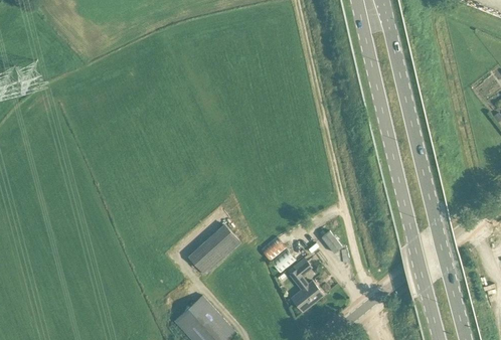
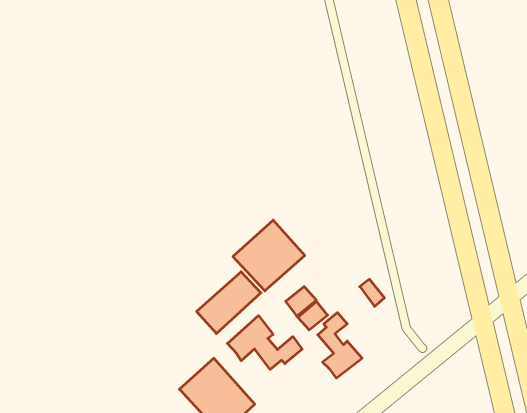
building: none -> [233,220,305,291]
building: none -> [227,316,302,369]

